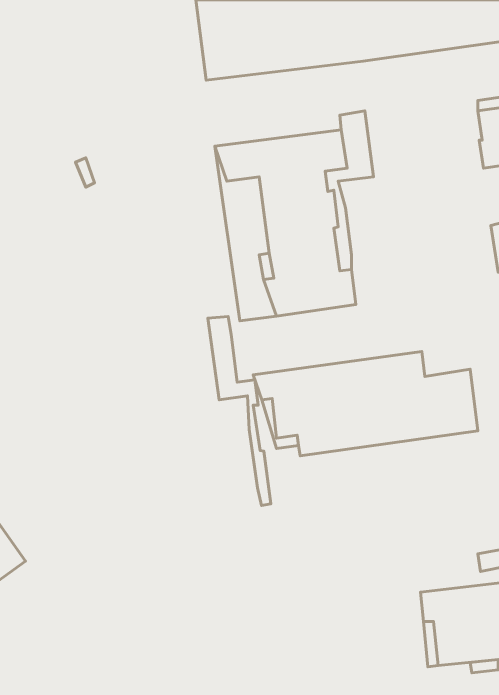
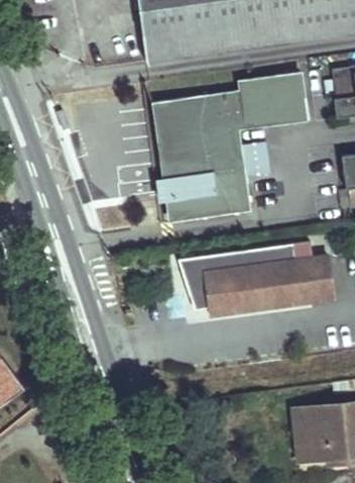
building: none -> [255,72,307,123]
building: none -> [242,141,270,177]
building: [208,317,271,505] -> none

